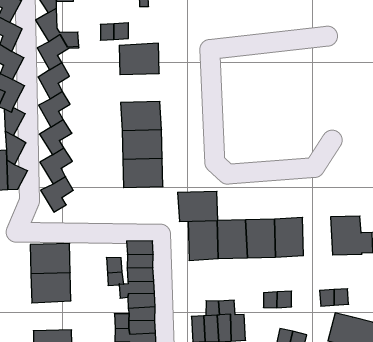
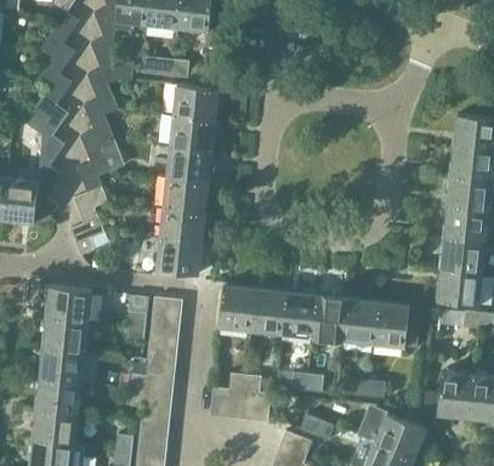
building: none -> [169,116,215,152]
building: [178,191,218,221] -> [157,239,201,275]
building: none -> [342,299,377,343]
building: none -> [40,350,85,385]

